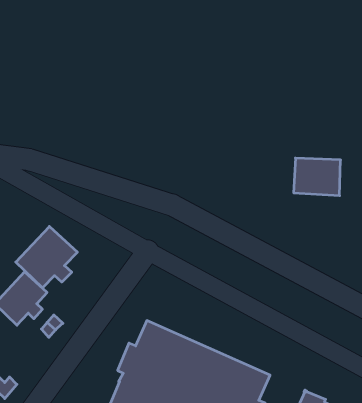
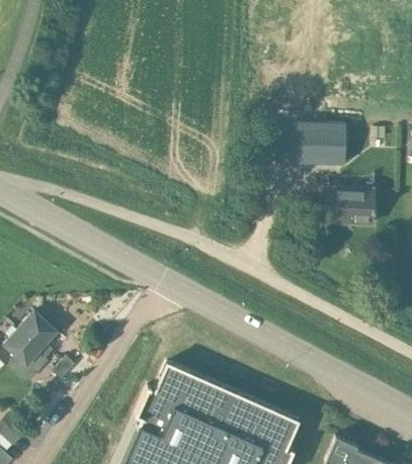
building: none -> [276,123,347,167]
building: [16,226,77,288] -> none

